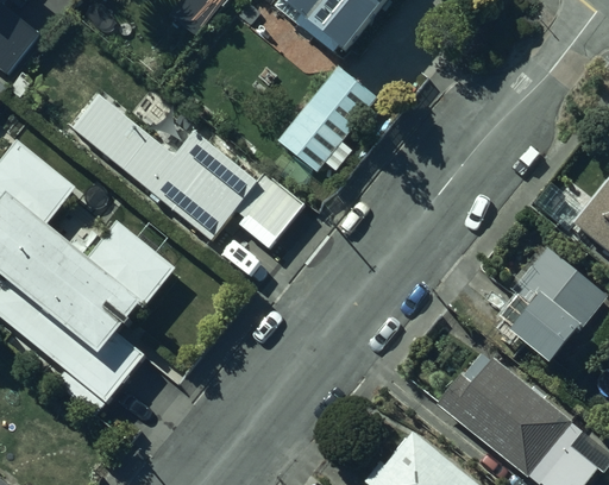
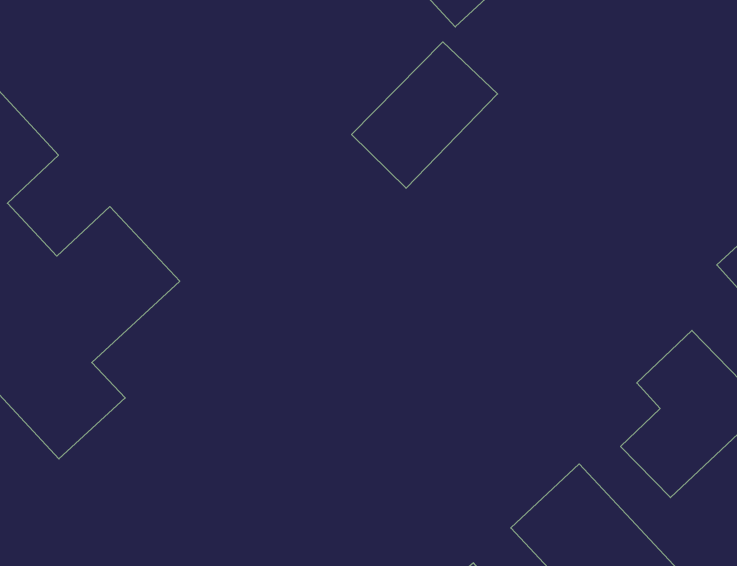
building: [76,99,309,242] -> none

